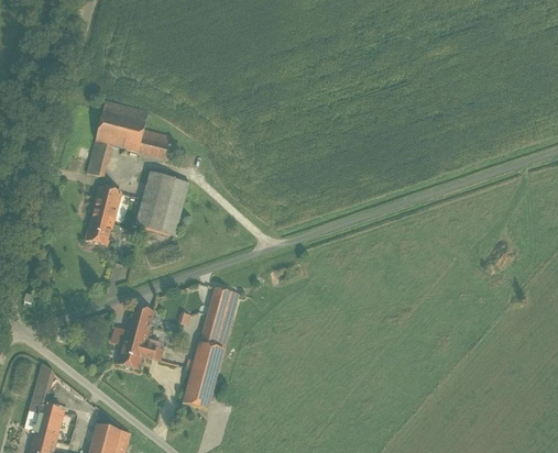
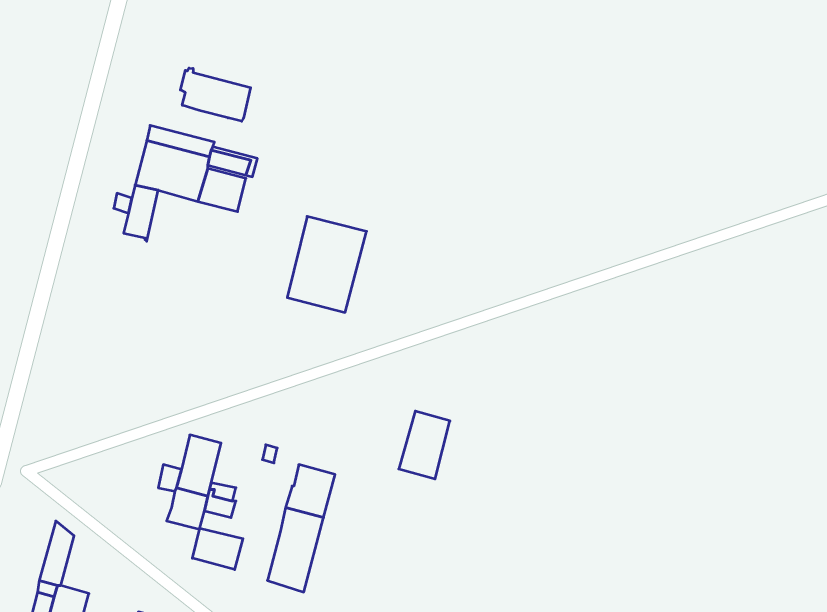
building: none -> [180,68,251,121]
building: [135,170,188,234] -> [287,216,367,312]
building: [85,185,120,244] -> none
building: [204,287,238,332] -> [399,411,450,479]
building: none -> [192,528,243,570]

